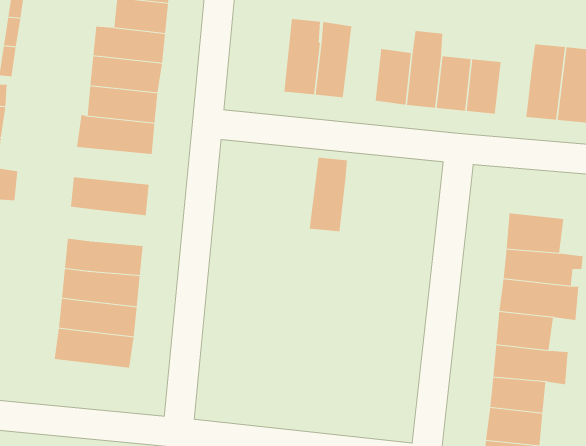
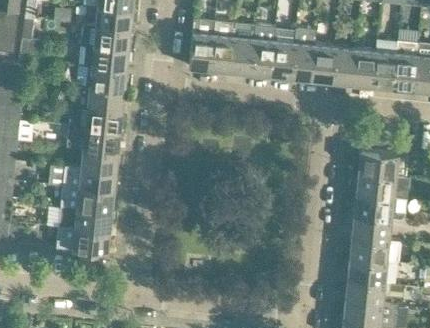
building: none -> [189,18,215,69]
building: none -> [352,49,376,86]
building: none -> [69,106,122,131]
building: [309,157,348,232] -> [250,25,276,75]
building: none -> [81,148,118,172]

